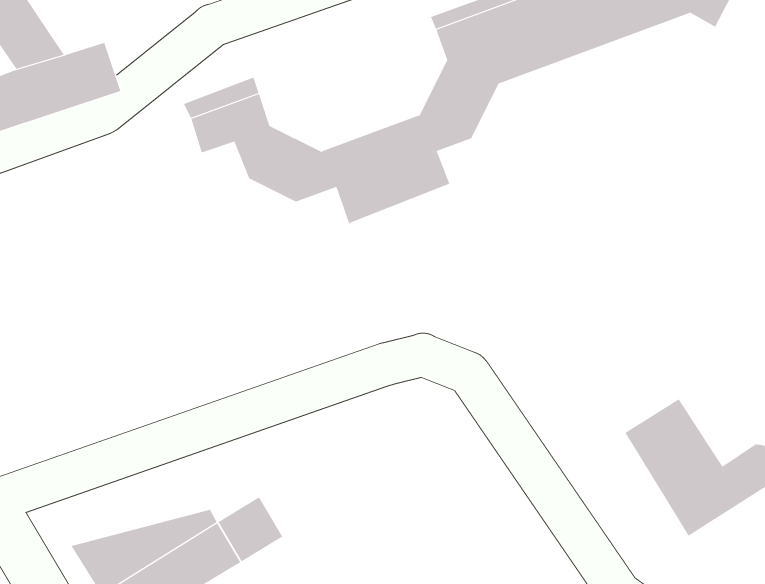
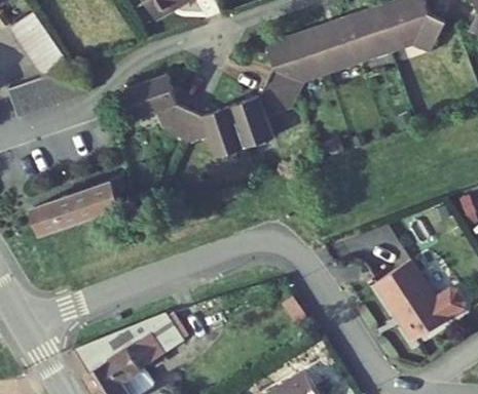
building: none -> [28,182,116,234]

